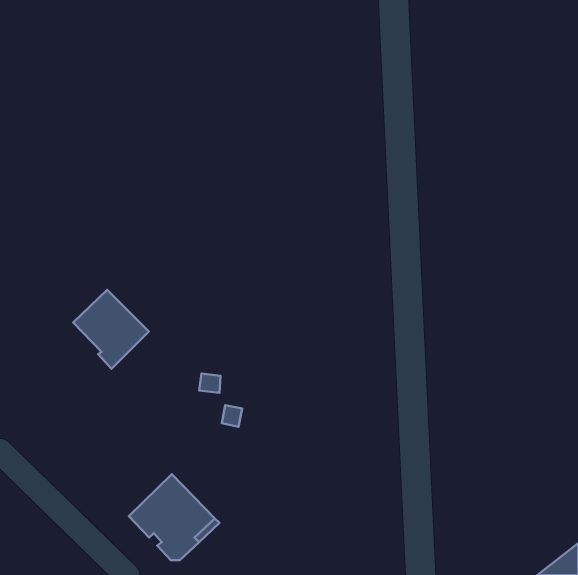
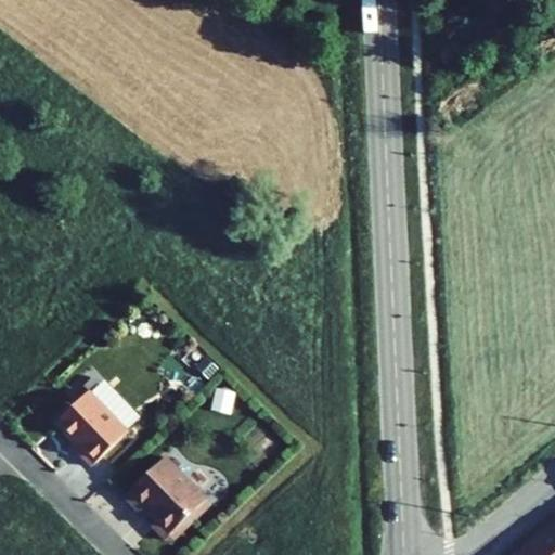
building: [73,290,149,369] -> [55,388,128,464]

